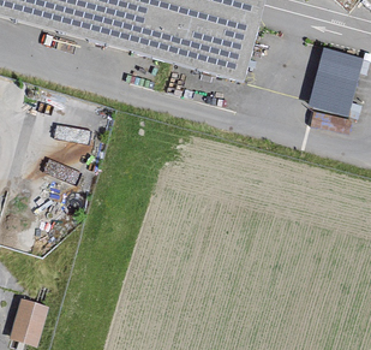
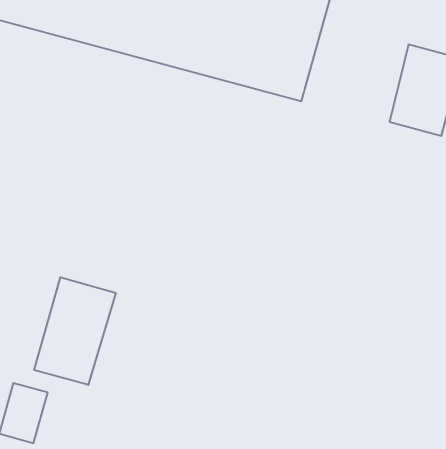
building: none -> [34,277,116,385]

